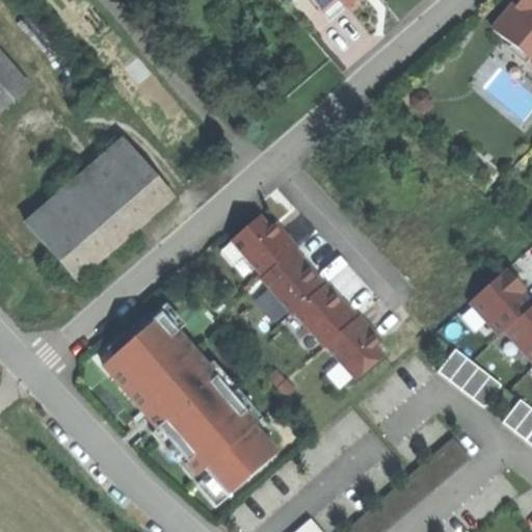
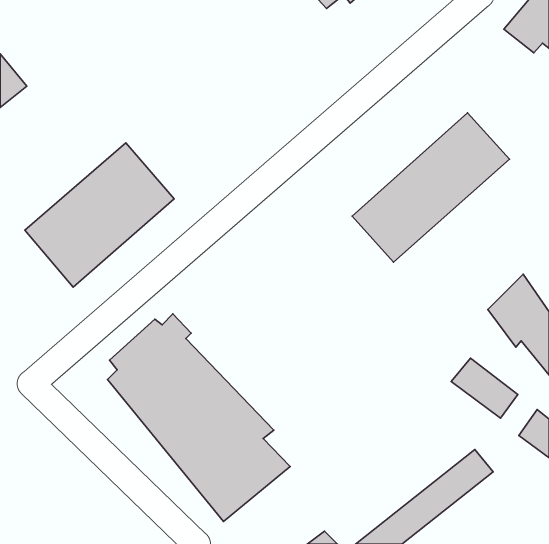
building: none -> [352,113,510,262]
building: [228,212,388,384] -> none

